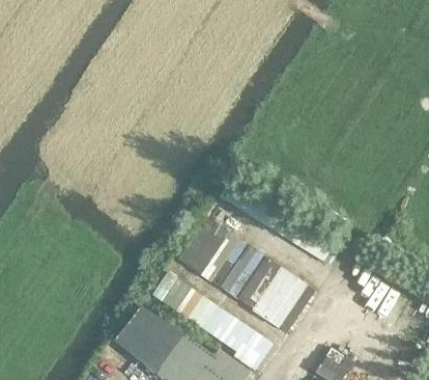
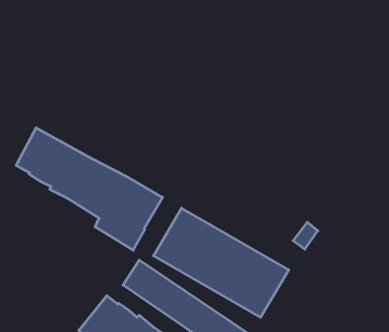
building: none -> [16,128,163,250]

